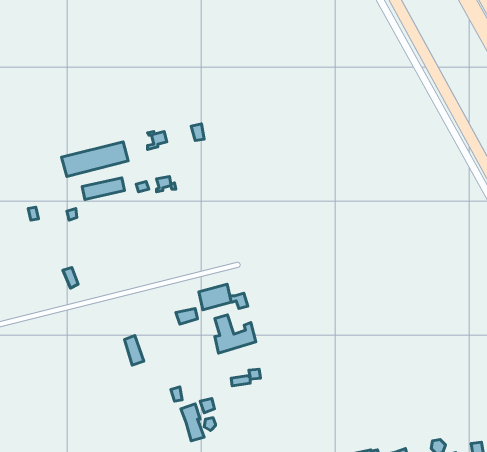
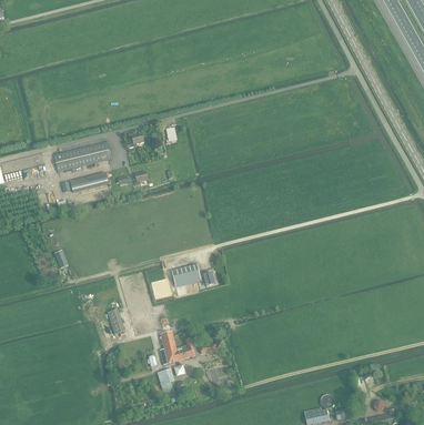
building: [215,315,256,353] -> [160,331,195,364]

